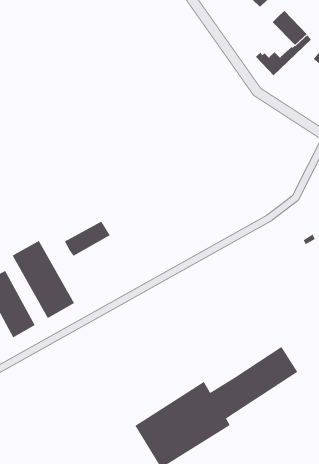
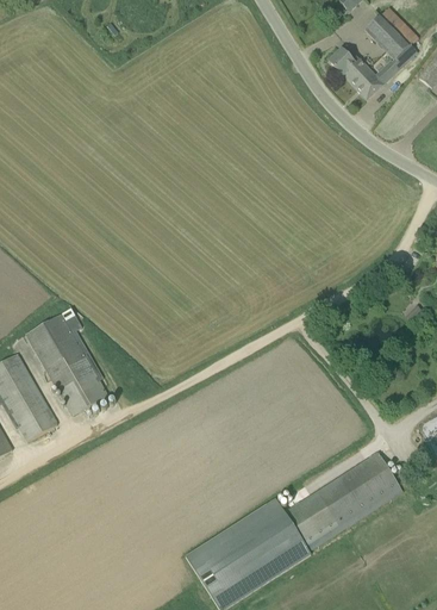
building: none -> [327,45,368,76]
building: [64,221,110,257] -> none

